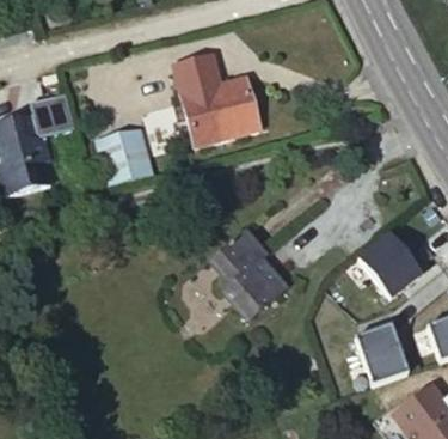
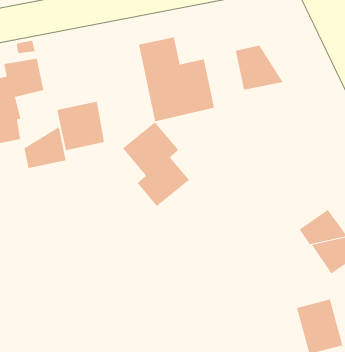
building: none -> [235,45,284,91]
building: none -> [24,126,66,169]
building: [208,219,282,310] -> [122,122,190,207]

